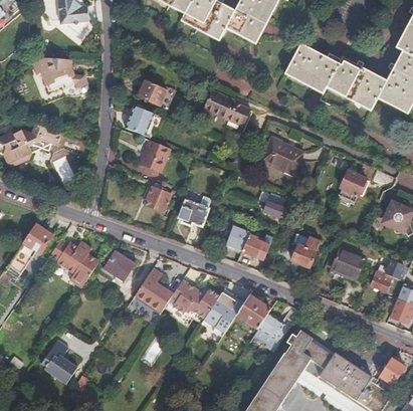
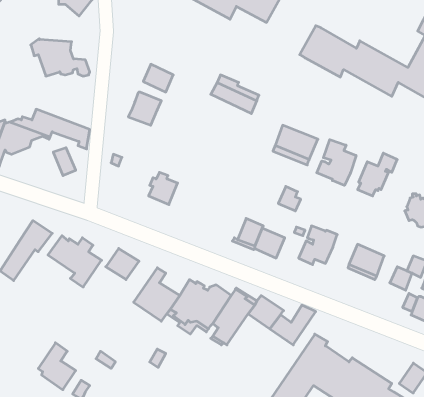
building: [141,140,170,170] -> none
building: none -> [317,140,356,185]
building: [181,198,211,225] -> none

